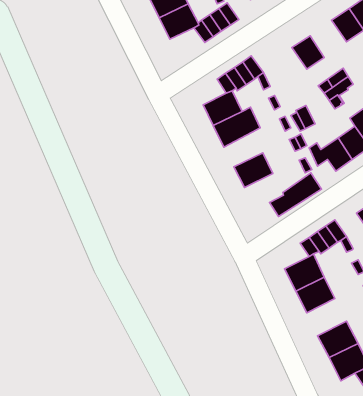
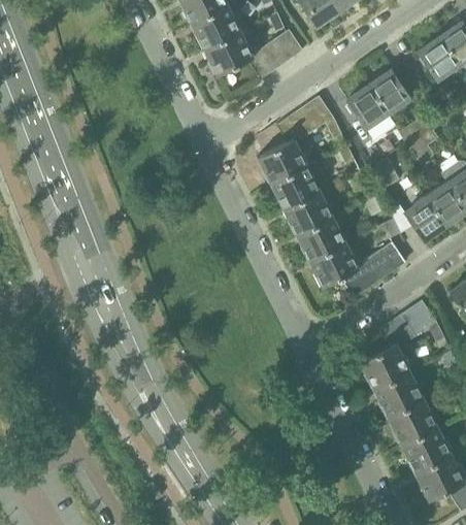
building: none -> [347,86,387,127]
building: none -> [284,191,332,234]
building: none -> [309,242,358,287]
building: none -> [387,398,436,445]

